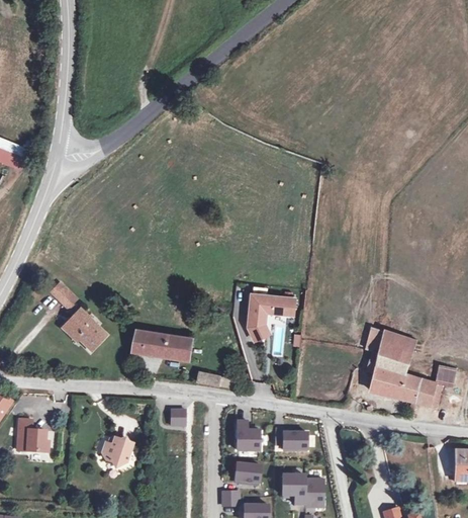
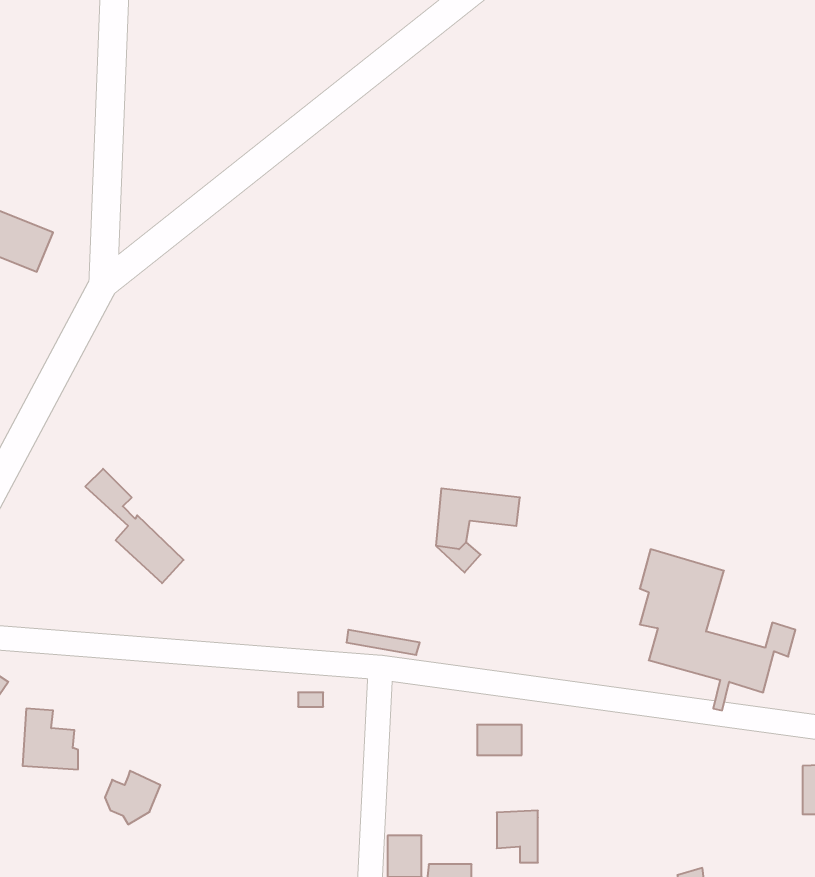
building: [132,329,193,360] -> none
building: [236,422,259,451] -> none
building: [102,436,133,466] -> [105,771,160,824]
building: [236,466,261,487] -> none
building: [306,480,325,507] -> none

